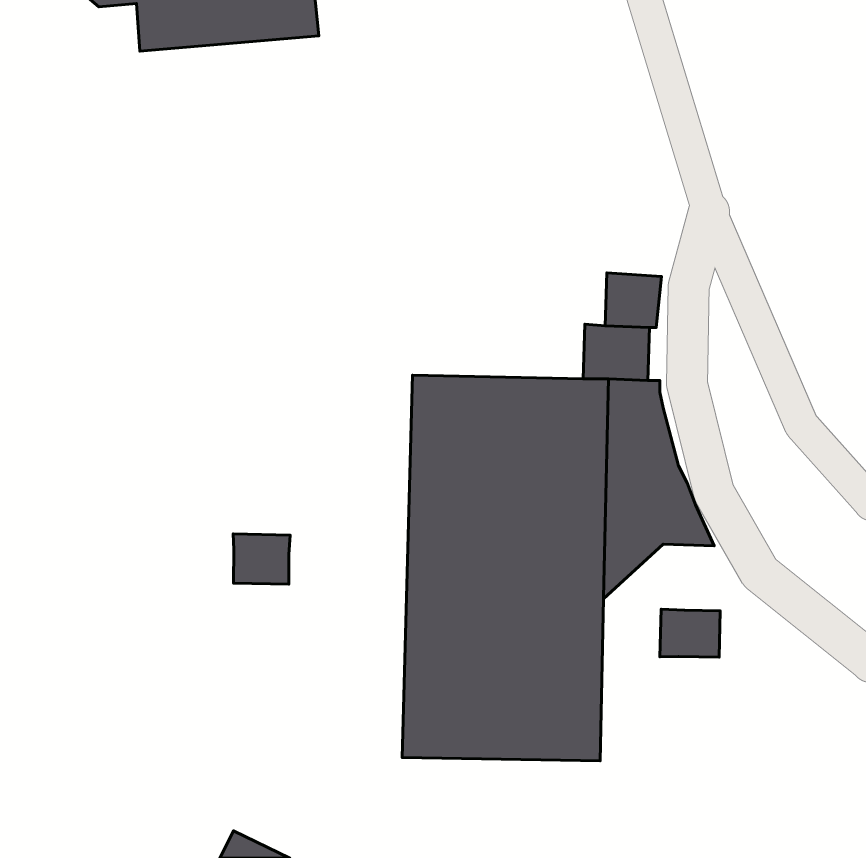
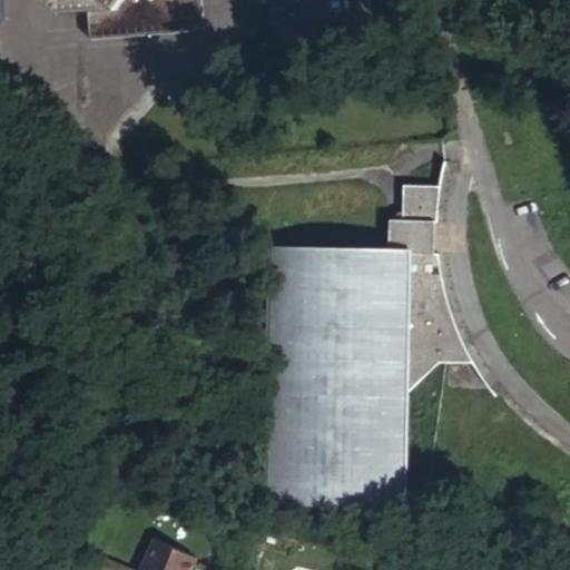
building: [233,534,290,584] -> none
building: [660,609,720,657] -> none

